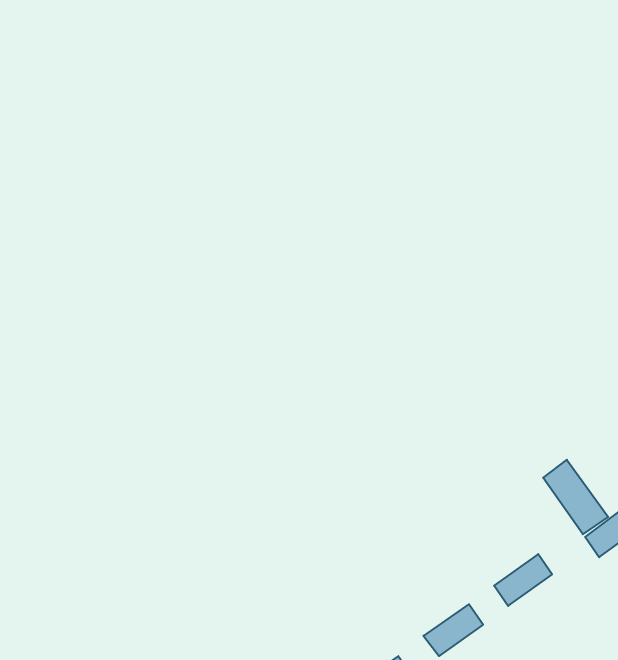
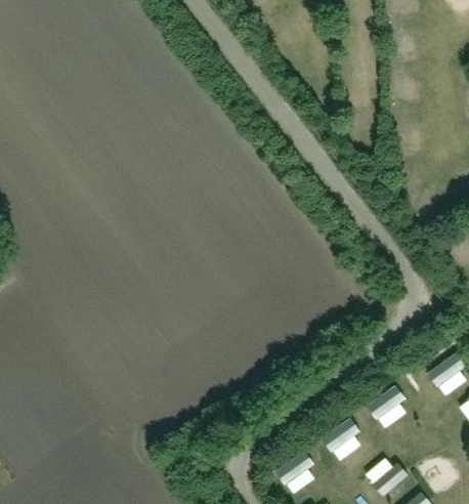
building: [543,460,608,534] -> none

